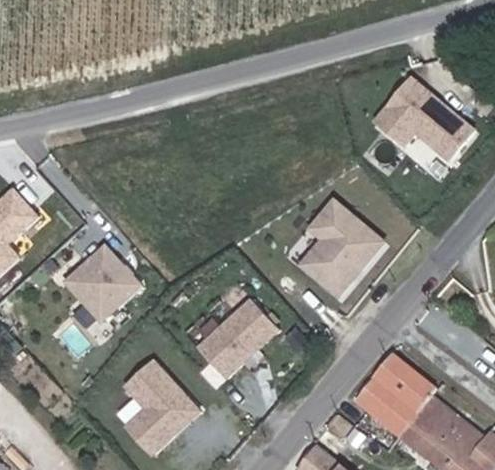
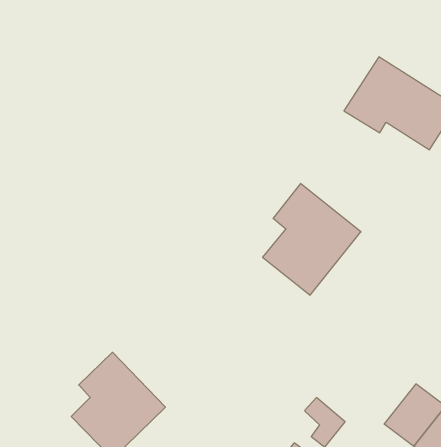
building: [59,243,143,327] -> none
building: [192,298,278,382] -> none
building: [361,346,443,426] -> none

